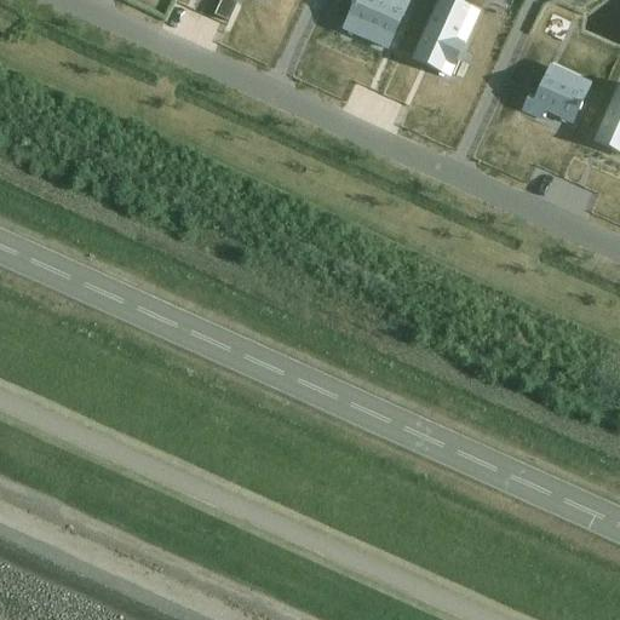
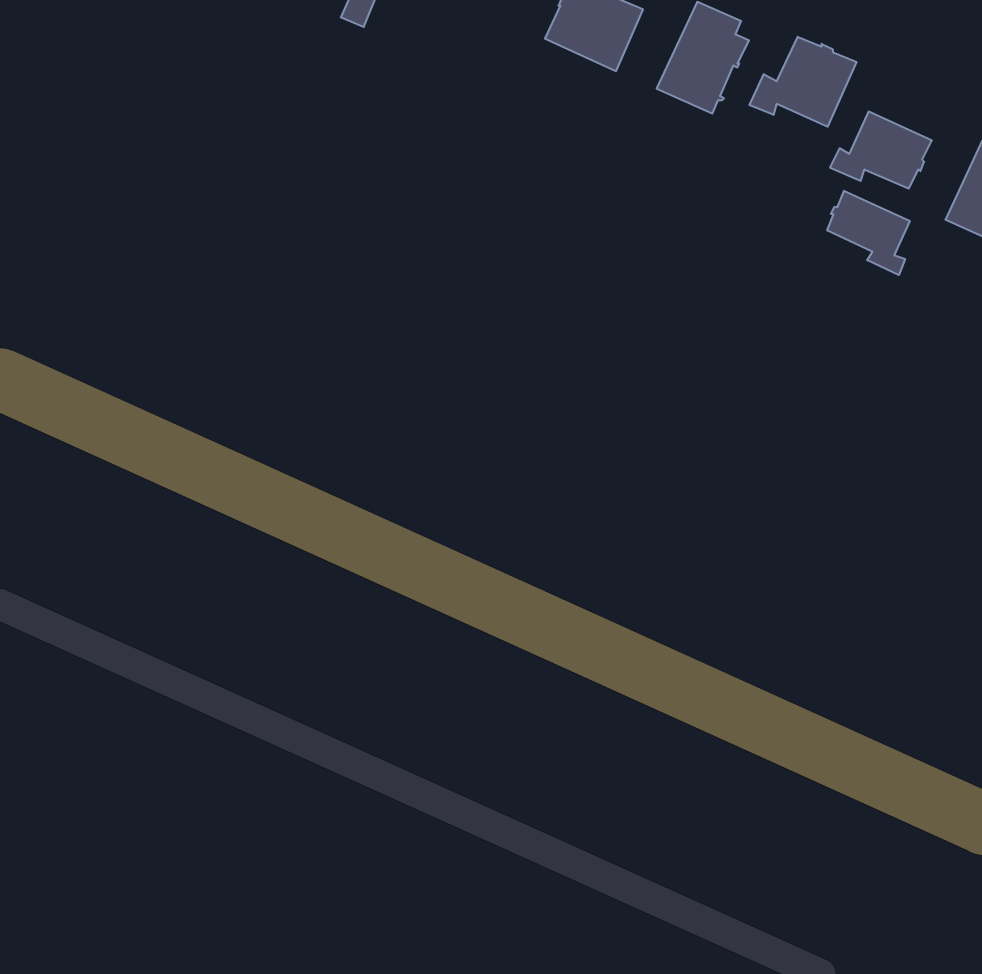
building: none -> [749,37,857,127]
building: none -> [827,191,910,275]

